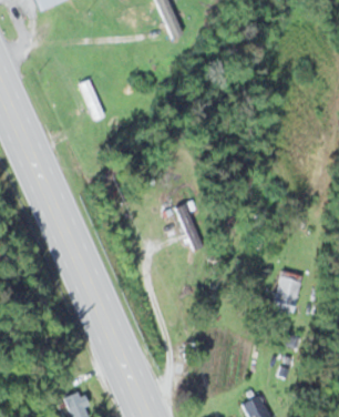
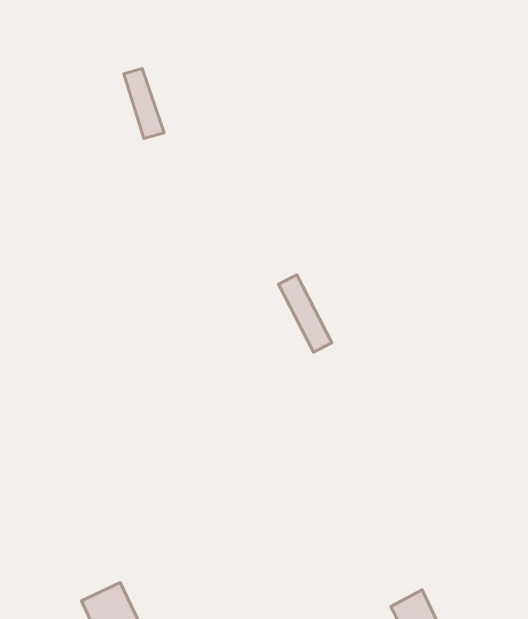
building: [271,269,301,314] -> none

